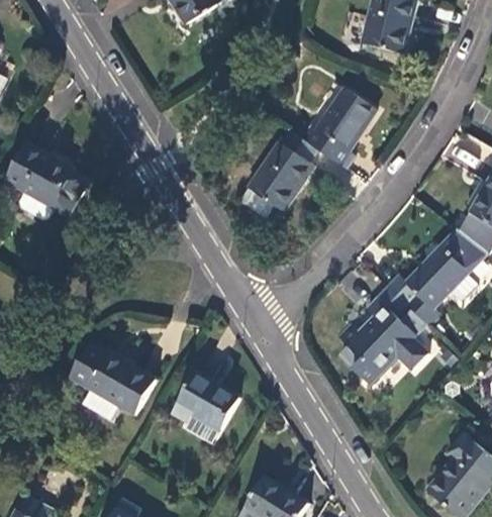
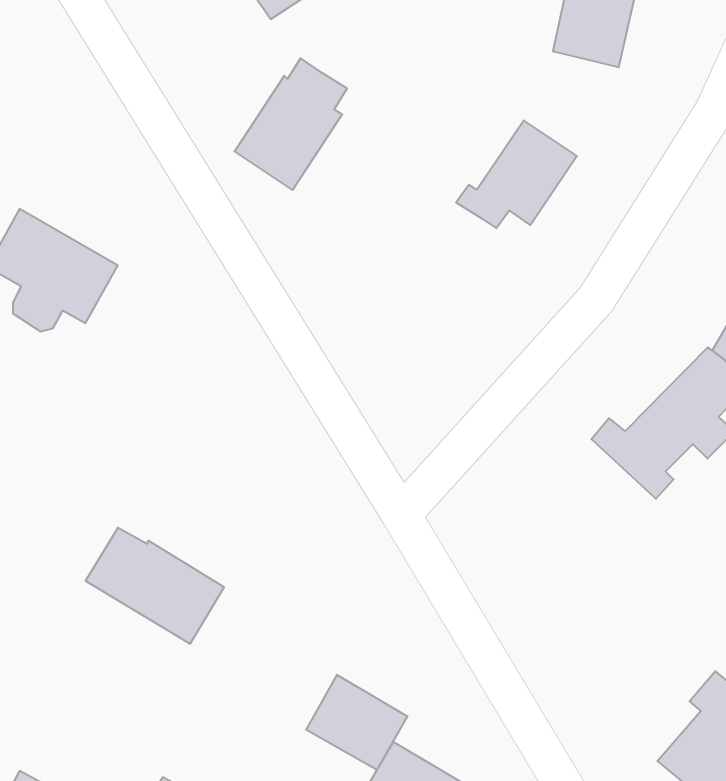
building: [245,130,316,213] -> [234,58,347,190]
building: [339,288,426,384] -> none
building: [175,372,238,431] -> [306,675,408,770]

